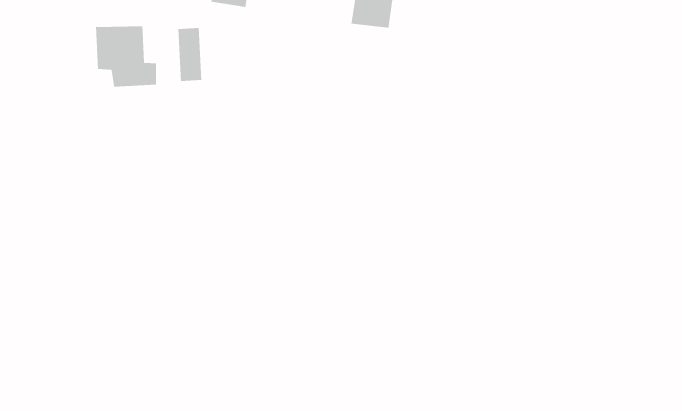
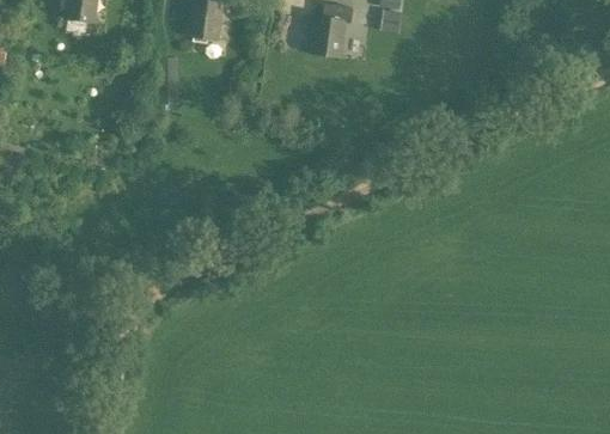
building: [95,25,157,88] -> none

